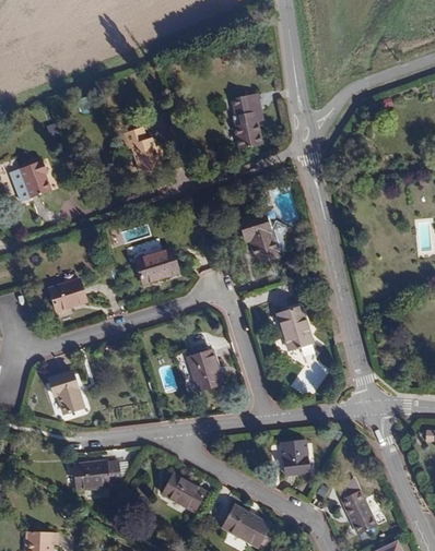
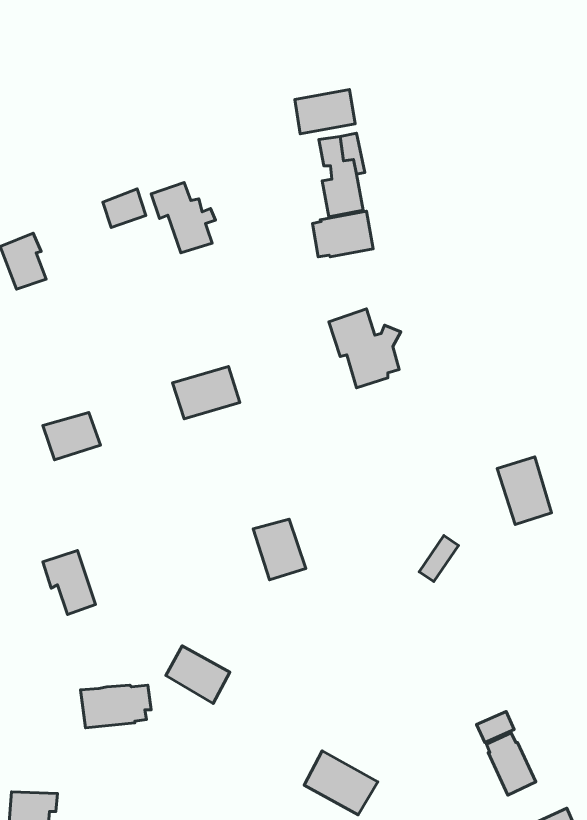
building: none -> [295,90,355,134]
building: none -> [103,189,146,228]
building: none -> [312,211,373,257]
building: [277,306,313,350] -> [497,457,551,524]
building: [281,441,309,475] -> none
building: [163,474,205,512] -> [166,646,230,703]

